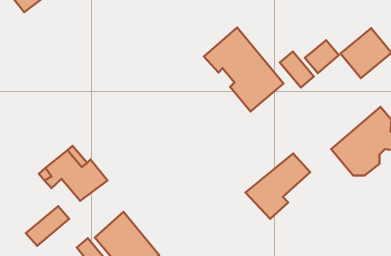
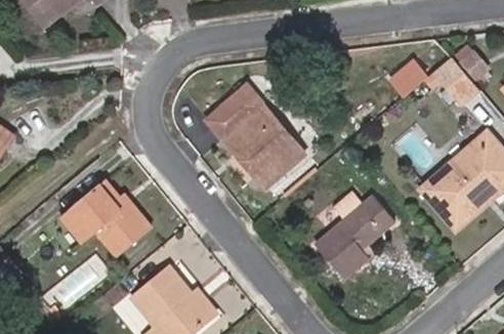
building: [204,28,284,111] -> [208,84,304,185]
building: [280,51,314,87] -> none

